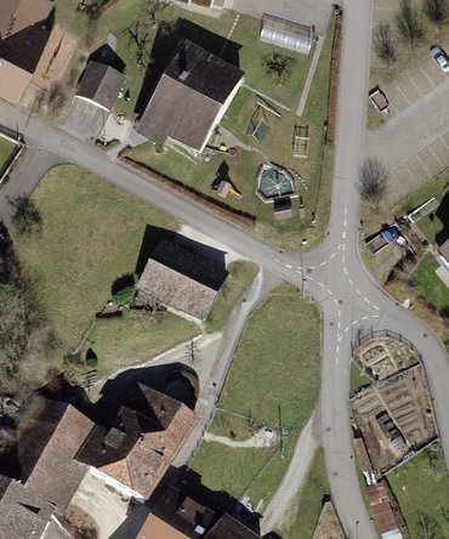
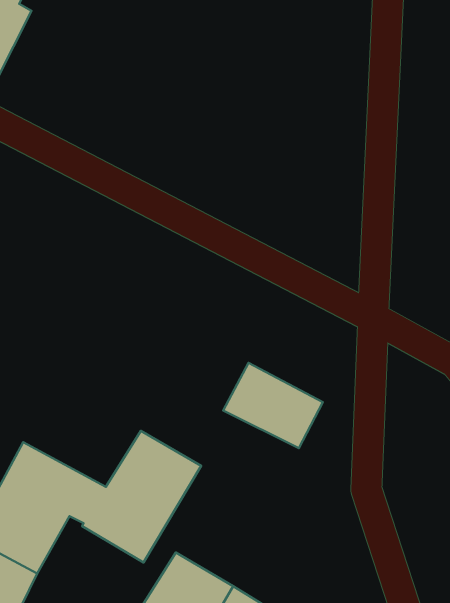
building: [147,46,241,148] -> none
building: [79,61,125,107] -> none
building: [141,243,227,317] -> [223,363,323,448]

